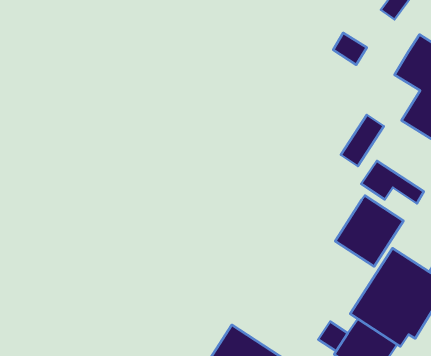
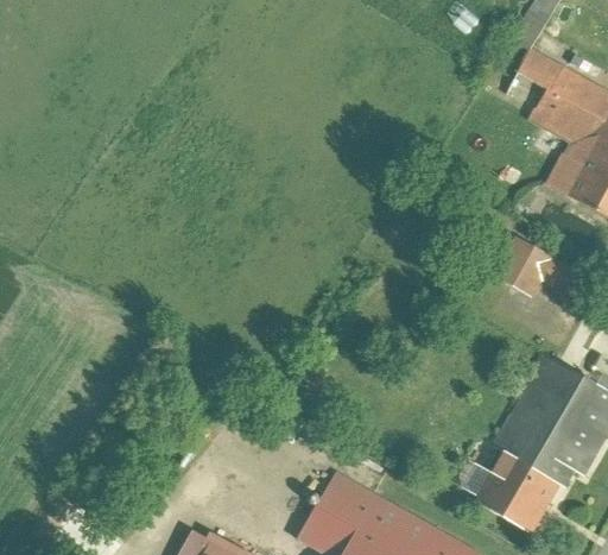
building: [333,33,367,65] -> [519,50,564,92]
building: [341,115,384,166] -> none
building: [335,196,404,267] -> none

